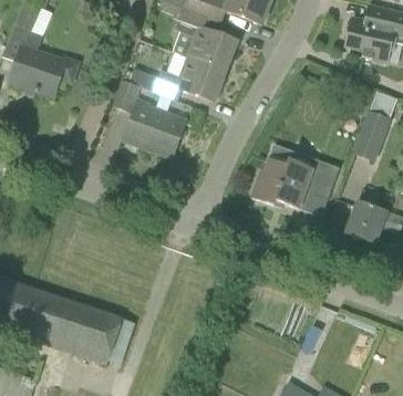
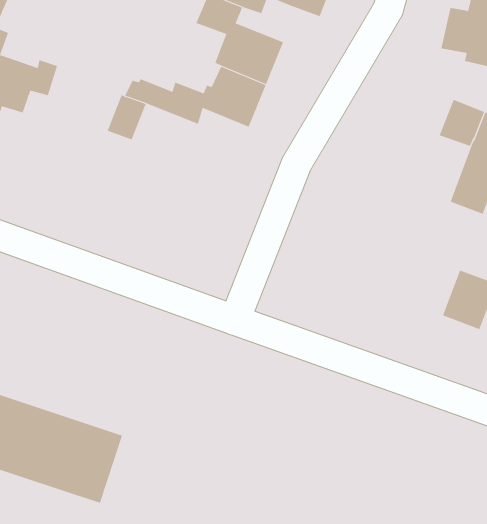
building: [124,102,184,156] -> none
building: [251,143,339,208] -> none

